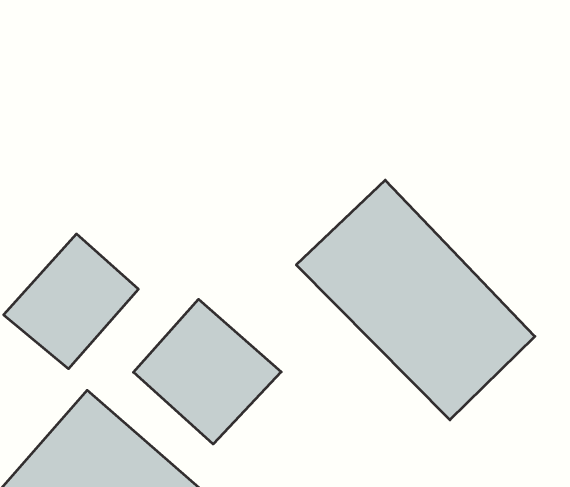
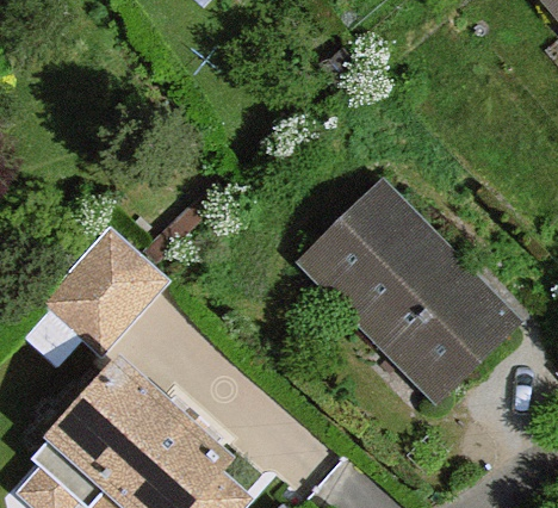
building: [133,299,281,444] -> none

